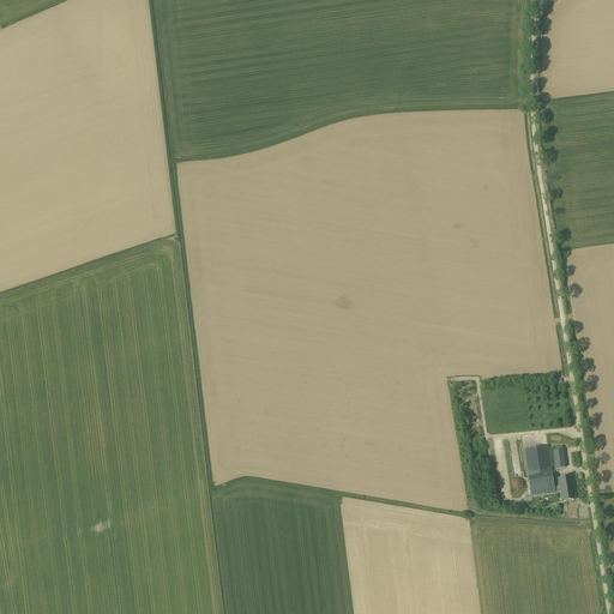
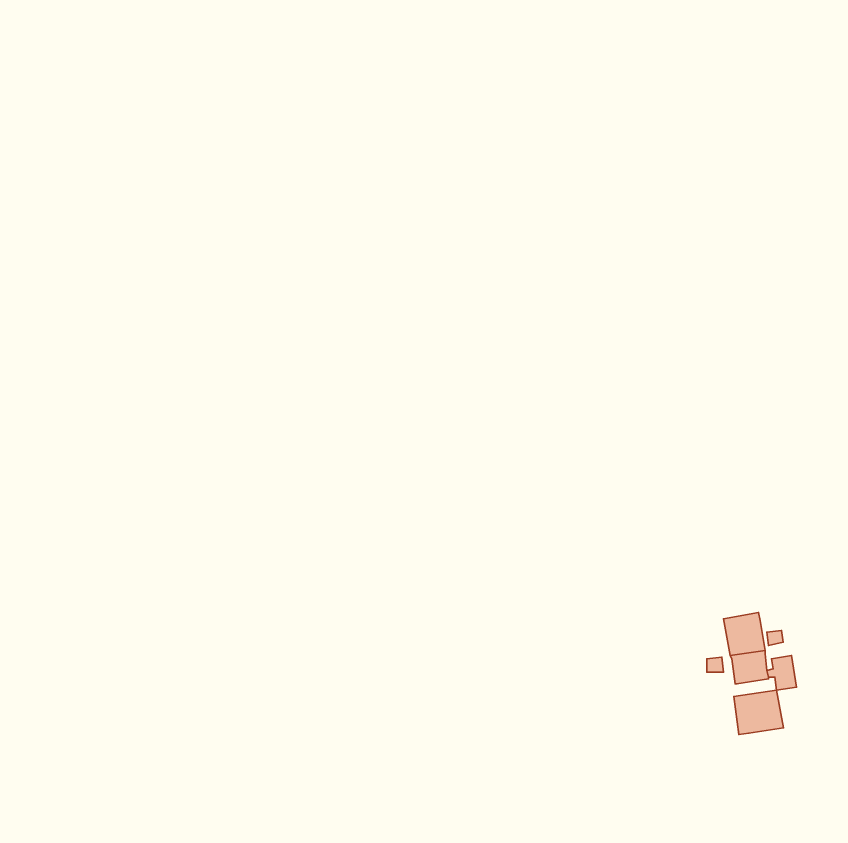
building: none -> [734,690,784,735]

